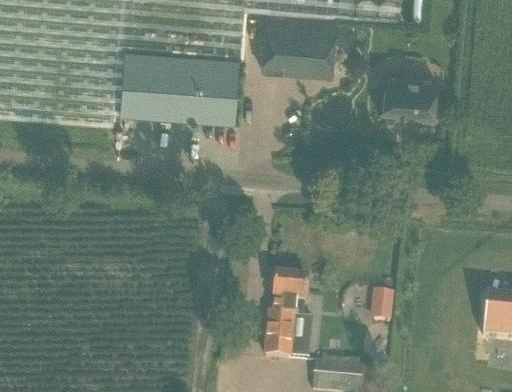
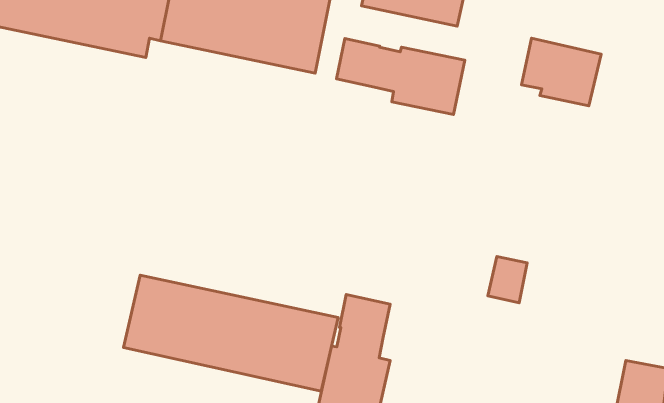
building: none -> [336,38,465,114]
building: none -> [123,275,338,391]
building: [365,285,390,316] -> [488,256,527,303]

